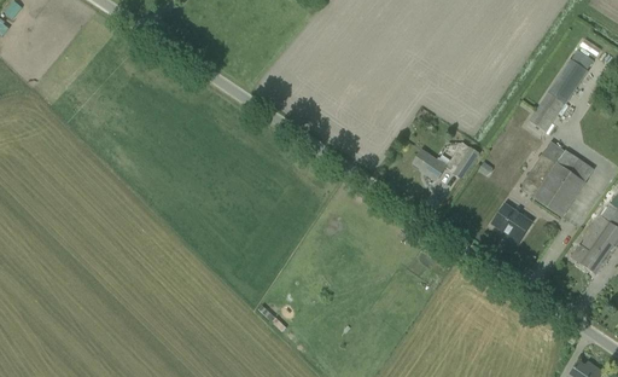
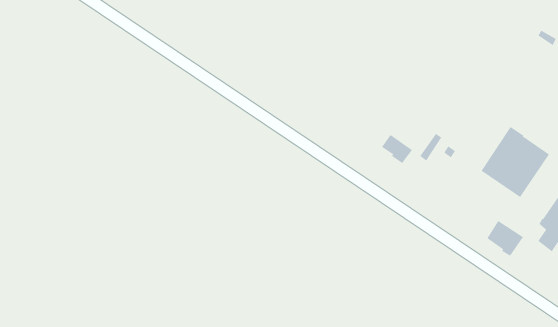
building: [530,50,593,130] -> none
building: [492,203,532,242] -> [487,220,524,256]

